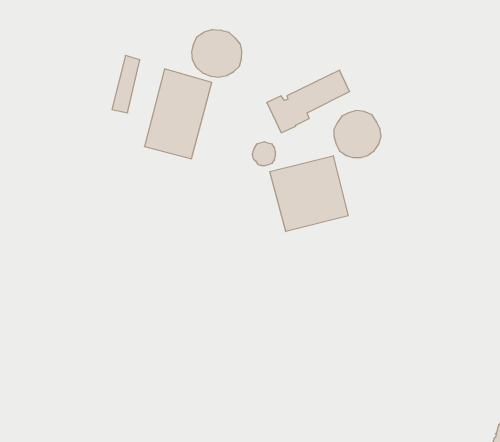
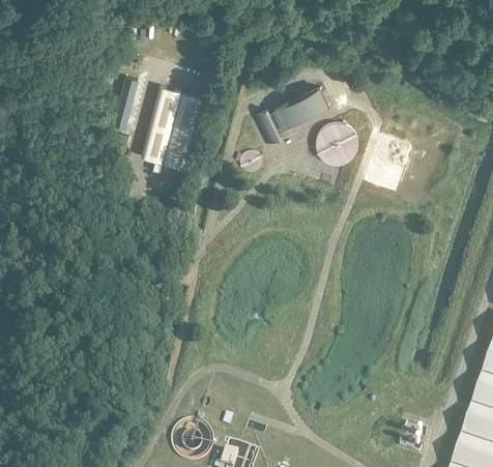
building: [192,29,242,77] -> none
building: [270,156,348,232] -> none

